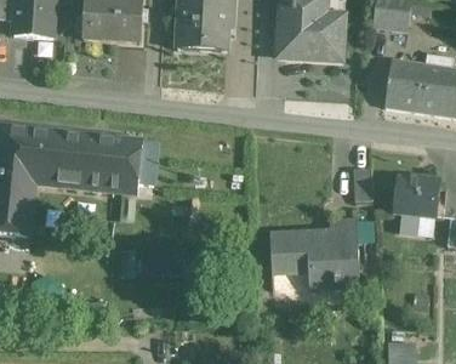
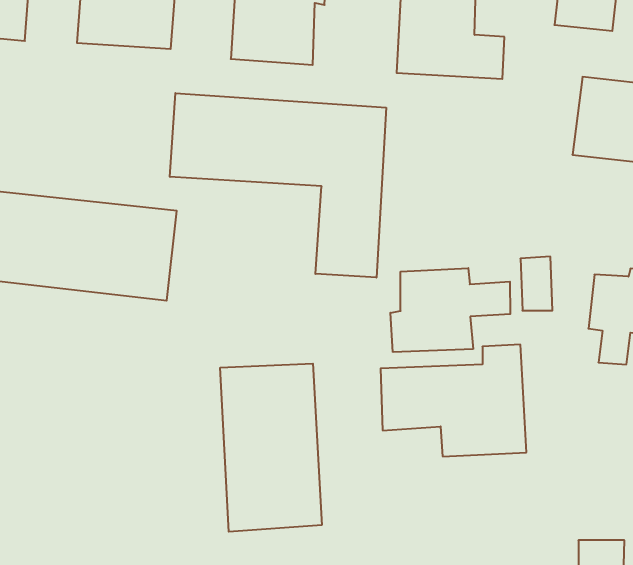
building: none -> [170,93,386,278]
building: none -> [390,268,510,352]
building: none -> [220,364,322,532]

